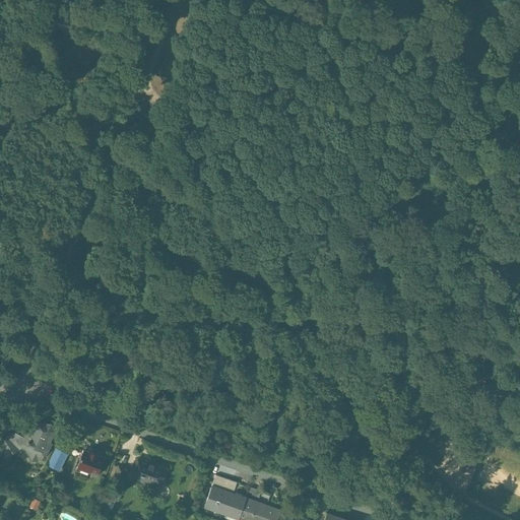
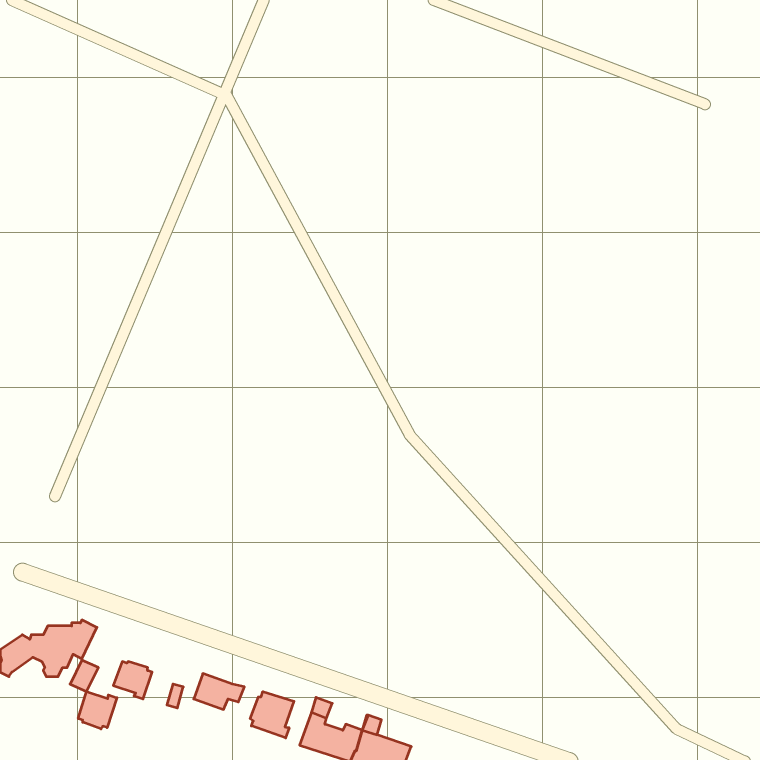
building: none -> [78,691,117,729]
building: none -> [250,692,294,738]

